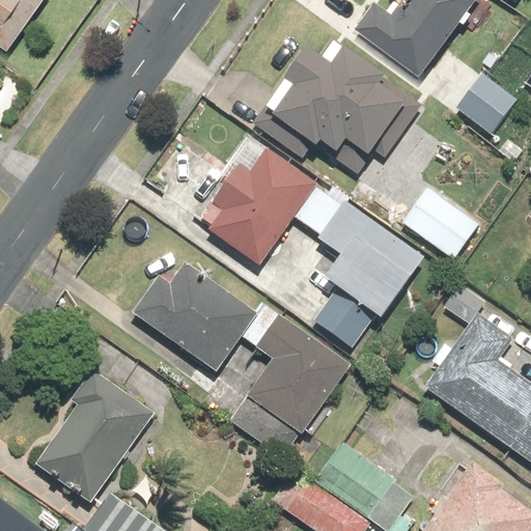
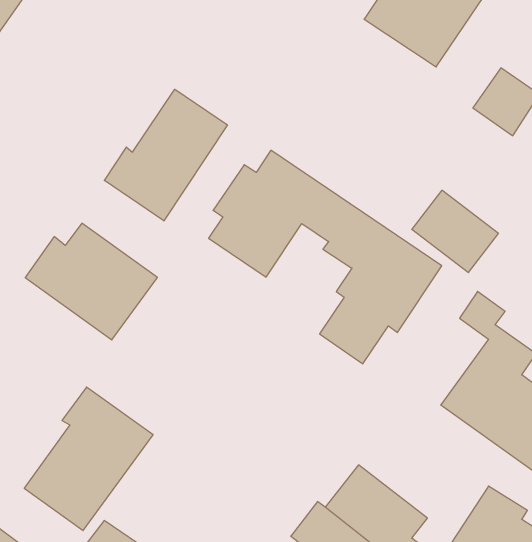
building: [274,50,421,160] -> none
building: none -> [104,89,227,221]
building: [135,263,258,372] -> [25,223,157,340]
building: [232,313,353,451] -> none

